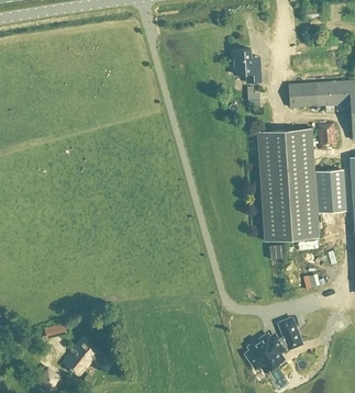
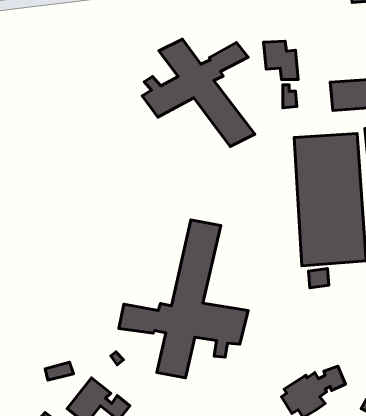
building: none -> [142,39,255,146]
building: none -> [119,220,248,378]

